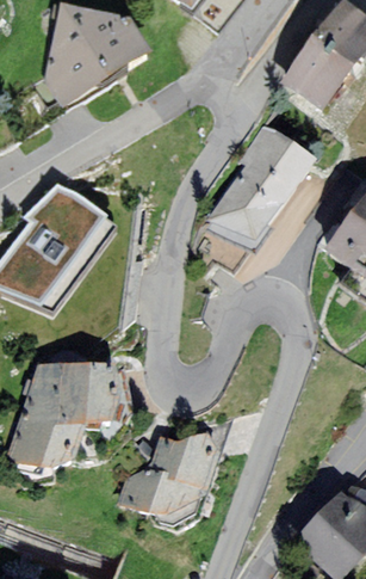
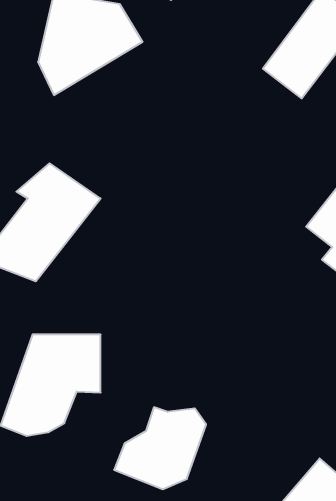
building: [205,124,316,252] -> none

